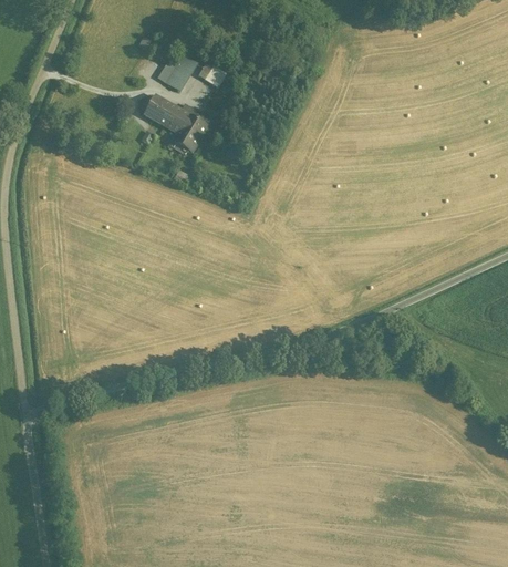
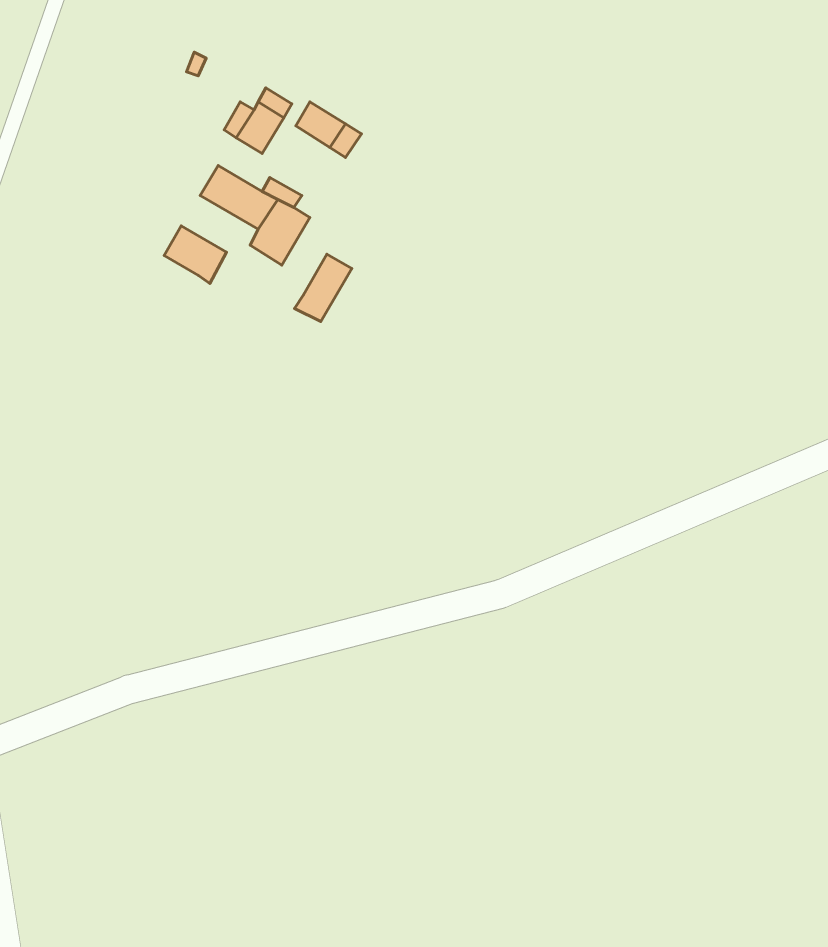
building: none -> [164,226,226,284]
building: none -> [294,254,352,322]

